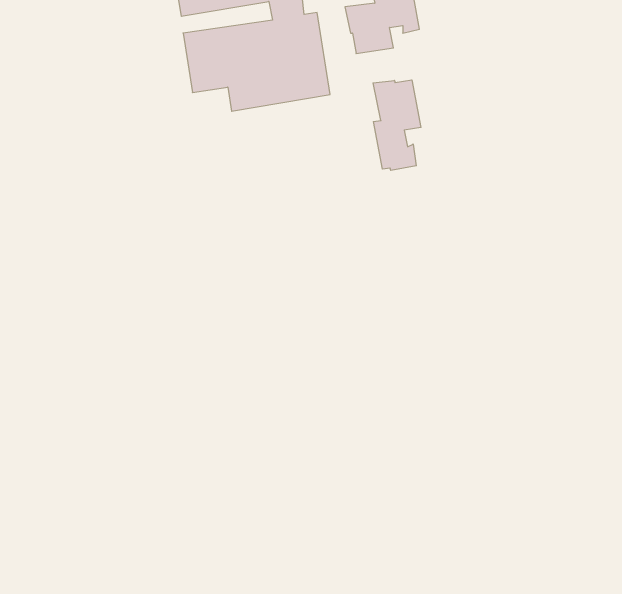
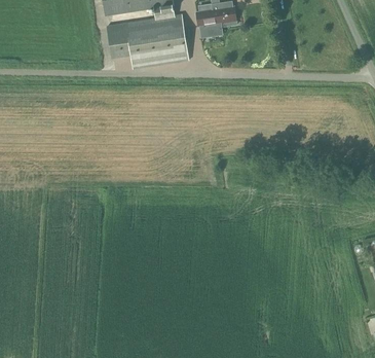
building: [373,80,421,170] -> none

